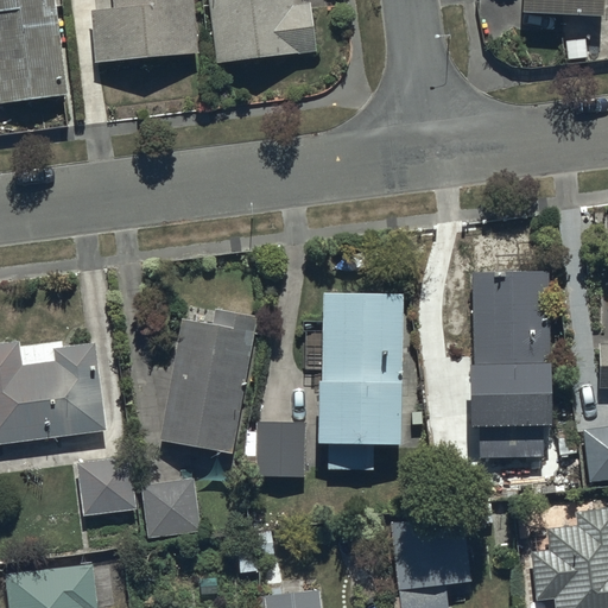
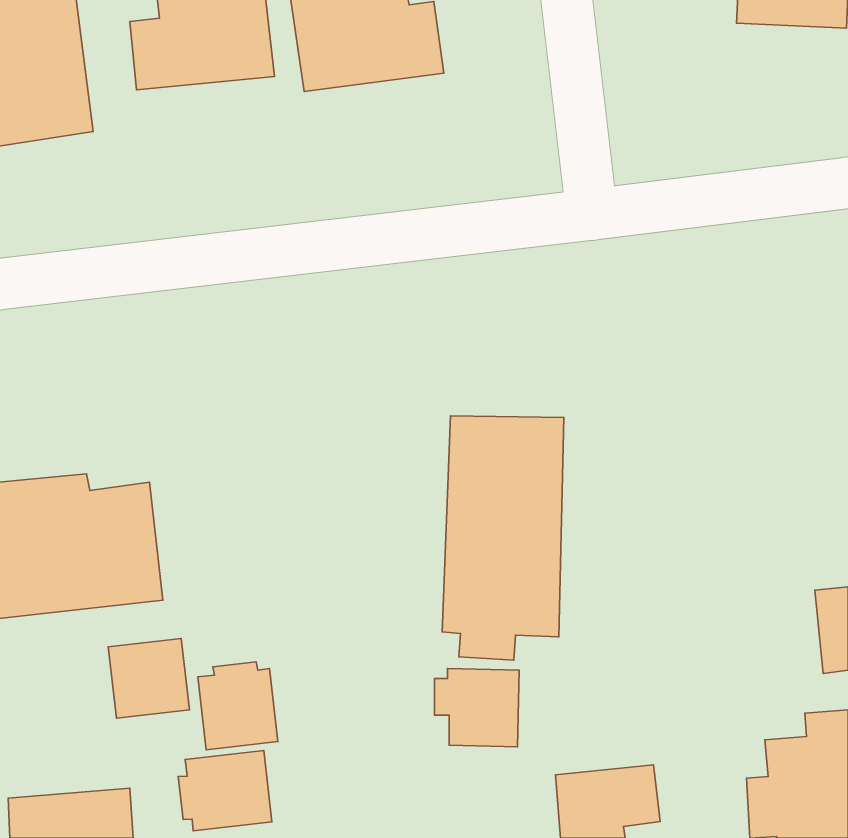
building: [469,270,552,460] -> none
building: [159,310,256,452] -> none
building: [245,422,305,477] -> [434,669,519,747]
building: none -> [178,751,272,831]

